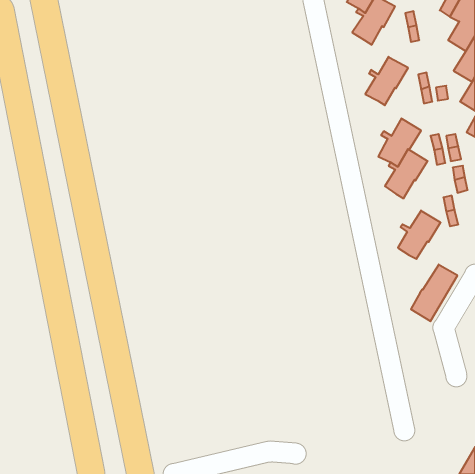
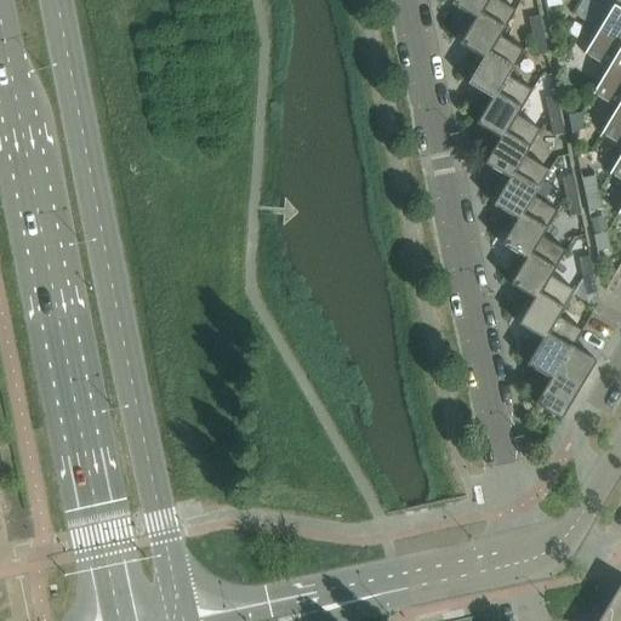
building: none -> [468,34,524,97]
building: none -> [485,114,541,177]
building: none -> [511,234,566,297]
building: none -> [528,314,582,381]

